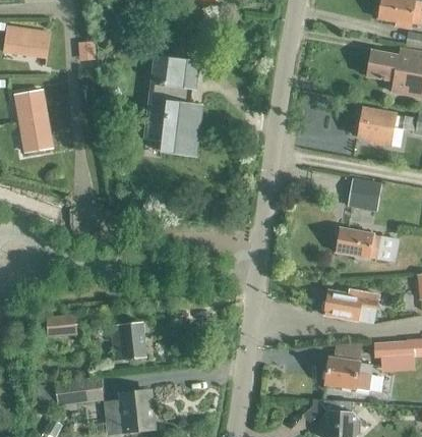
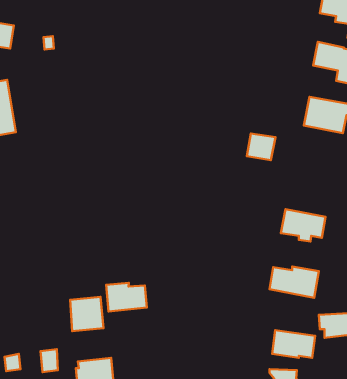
building: [143,56,201,155] -> none
building: [349,179,379,208] -> [247,133,276,160]
building: none -> [106,283,147,311]
building: [46,316,77,336] -> none

